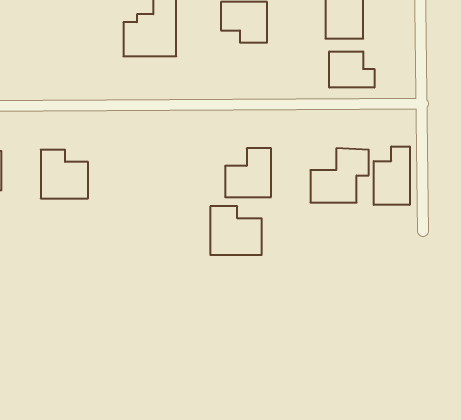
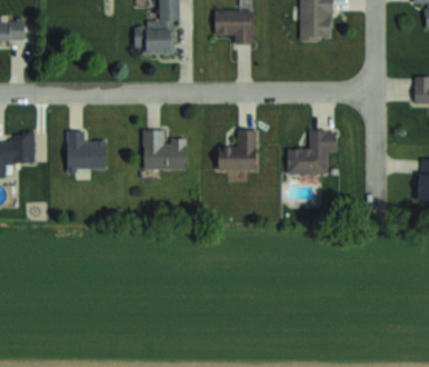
building: [329,51,374,88] -> none
building: [374,146,410,205] -> none
building: [210,206,262,255] -> [142,130,184,170]

